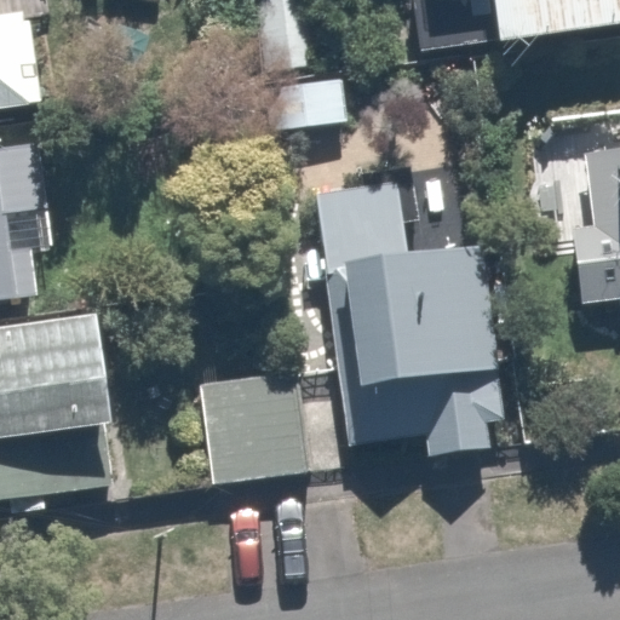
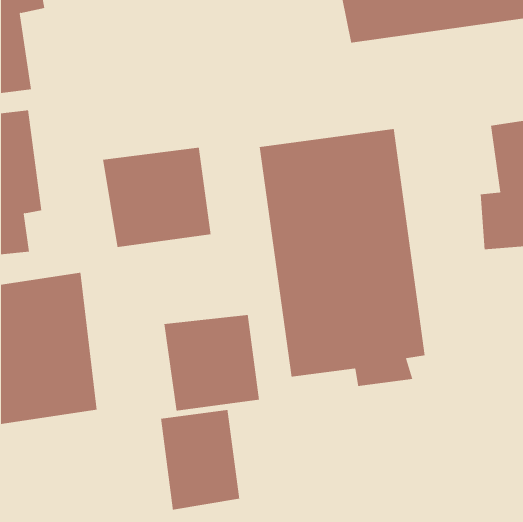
building: none -> [103,147,211,248]
building: none -> [161,409,240,511]

